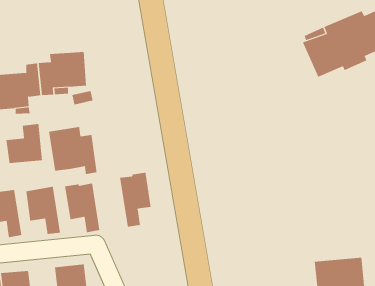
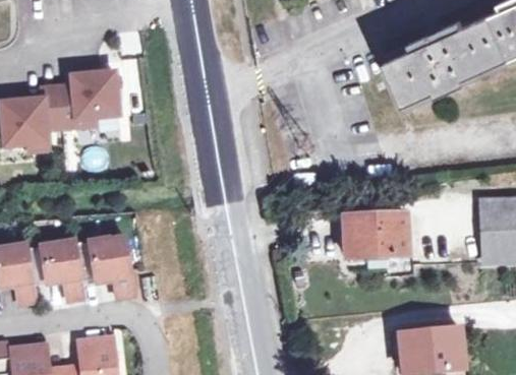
building: [6,123,43,164] -> none
building: [48,126,97,175] -> none
building: none -> [344,212,411,268]
building: [119,172,151,227] -> none

